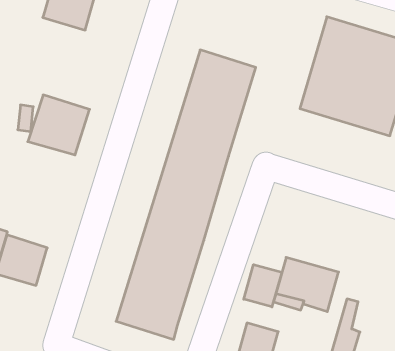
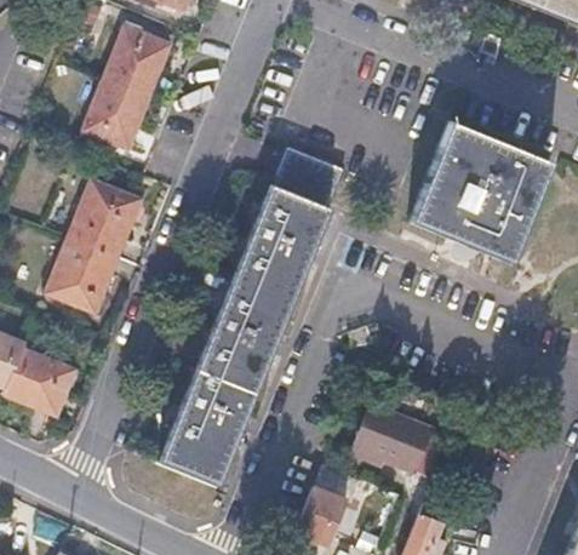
building: none -> [79,80,150,151]
building: none -> [44,231,124,314]
building: [244,265,282,307] -> none

